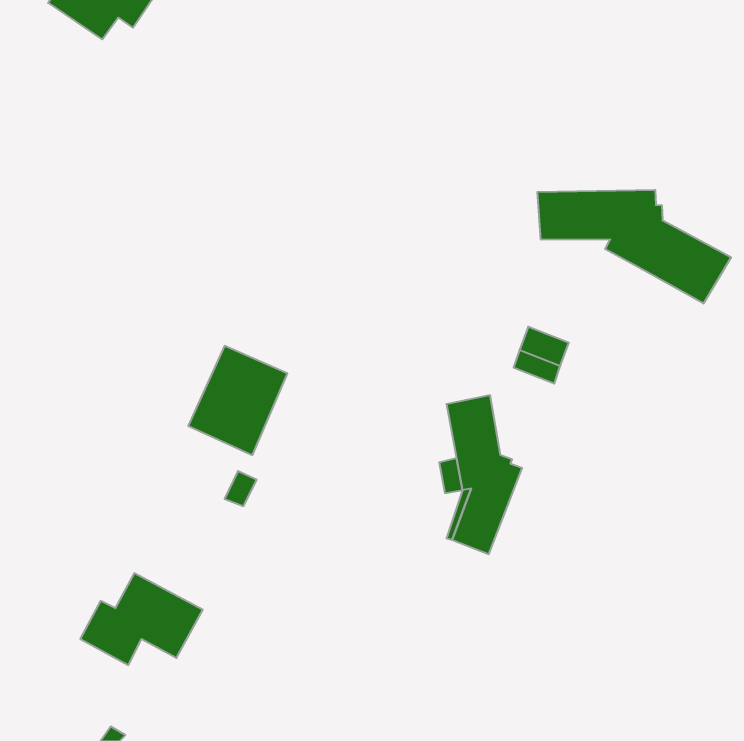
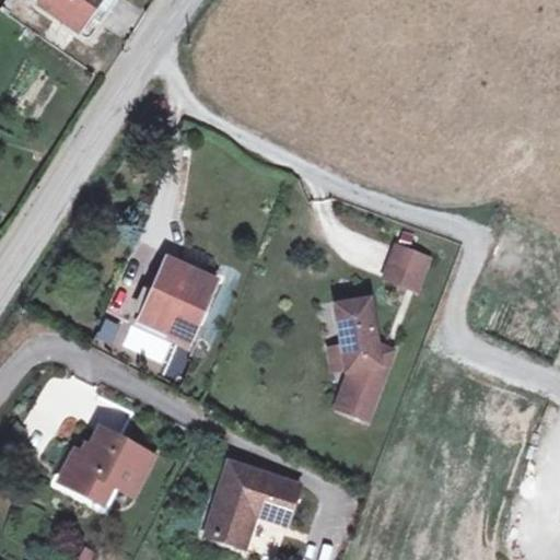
building: [537,190,731,304] -> none
building: none -> [207,463,298,545]

